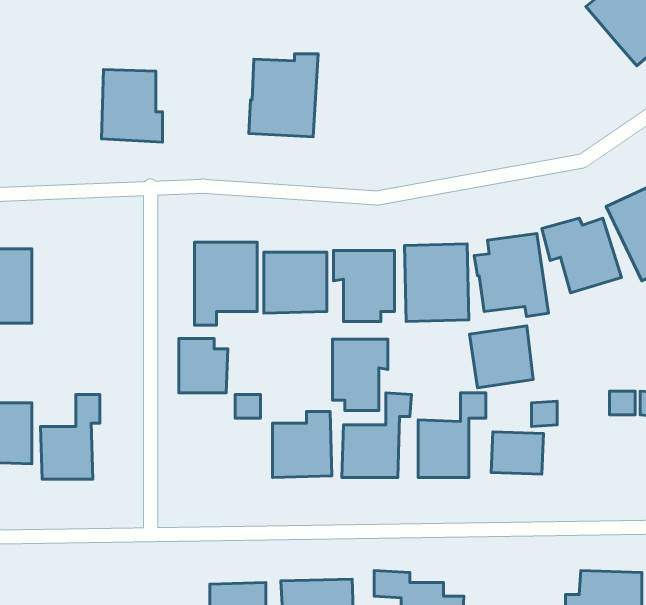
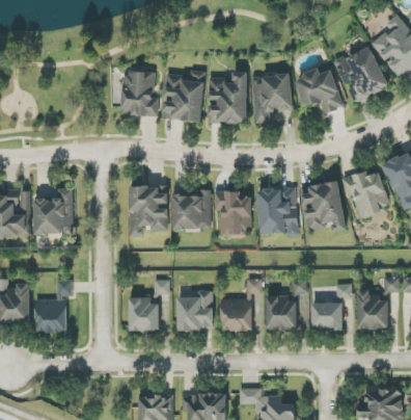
building: none -> [333,45,389,103]
building: none -> [295,70,342,112]
building: none -> [208,73,247,123]
building: none -> [251,74,292,123]
building: [102,69,163,142] -> [120,72,158,116]
building: none -> [33,188,73,234]
building: [469,326,533,388] -> none
building: [179,339,228,393] -> [129,297,159,331]
building: [333,339,388,410] -> none
building: none -> [357,290,387,329]

